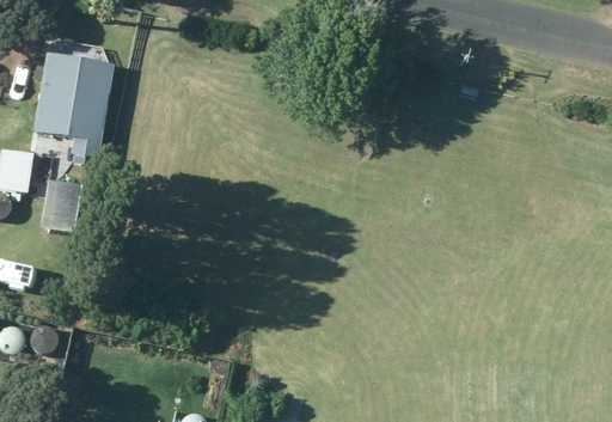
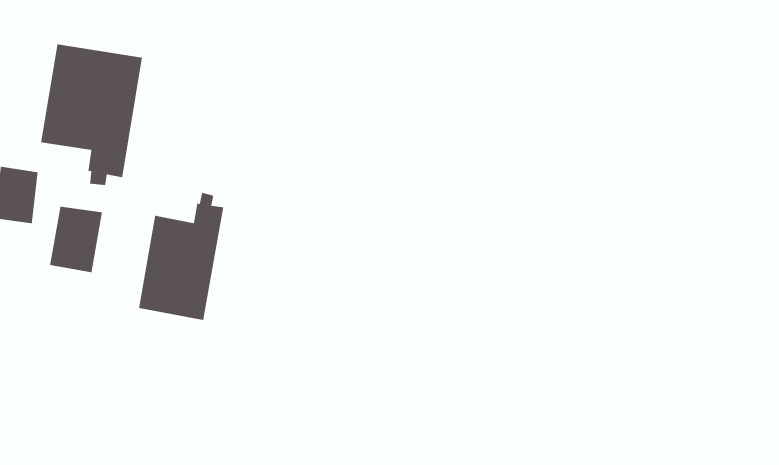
building: none -> [138,192,224,321]

